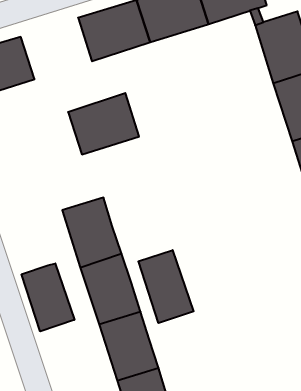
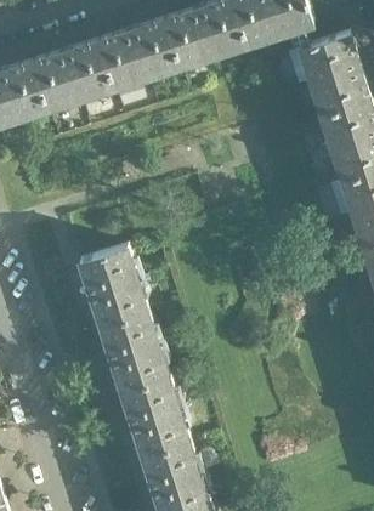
building: [68,93,139,154] -> [30,39,112,109]
building: [138,250,194,323] -> none
building: [22,263,74,331] -> none

